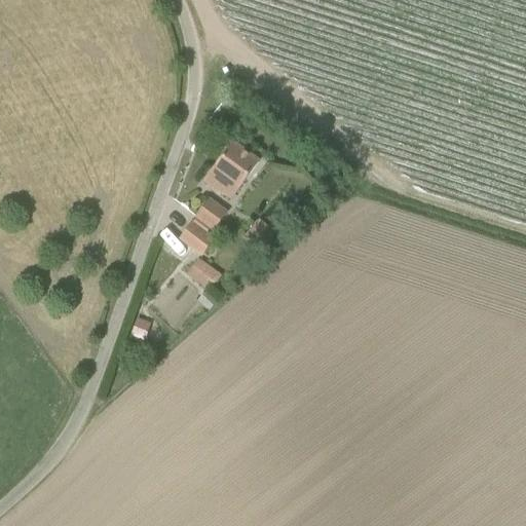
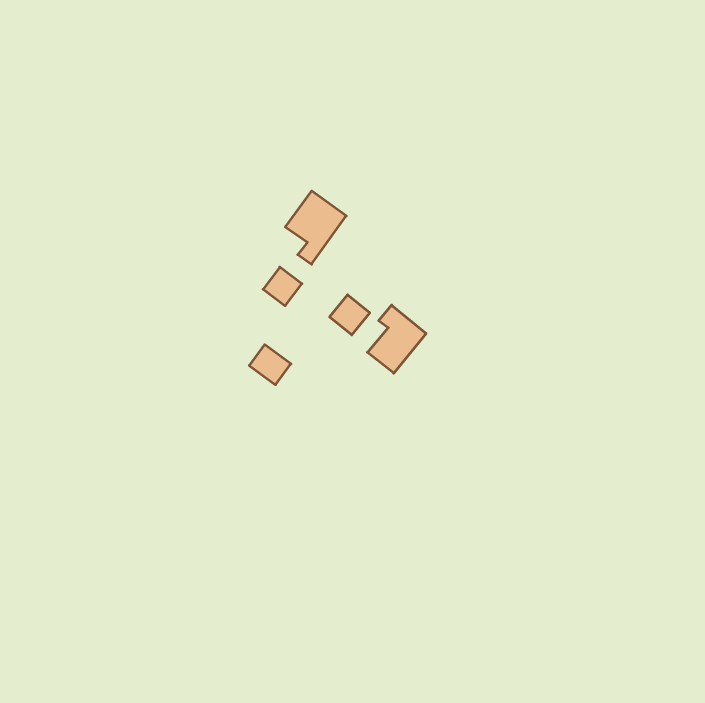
building: [179,220,214,254] -> none
building: none -> [367,305,426,373]

